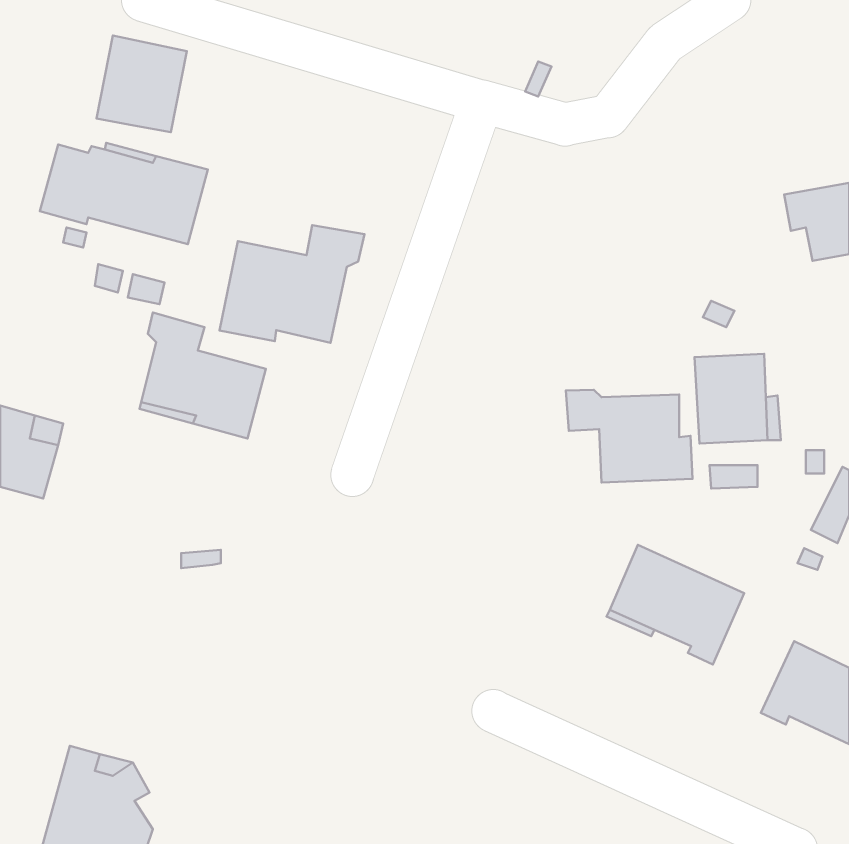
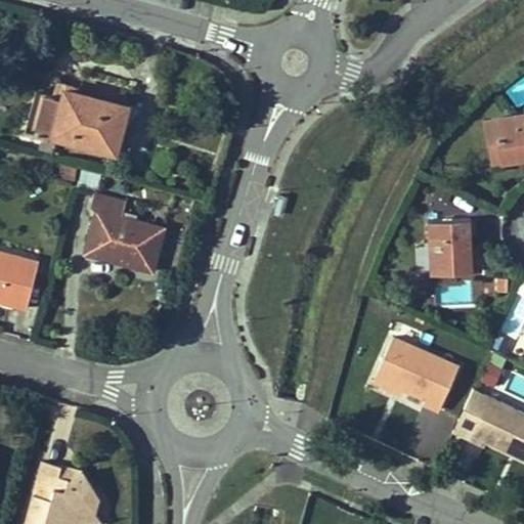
building: [96,36,187,132] -> none
building: [220,225,365,343] -> none
building: [566,390,693,483] -> none

